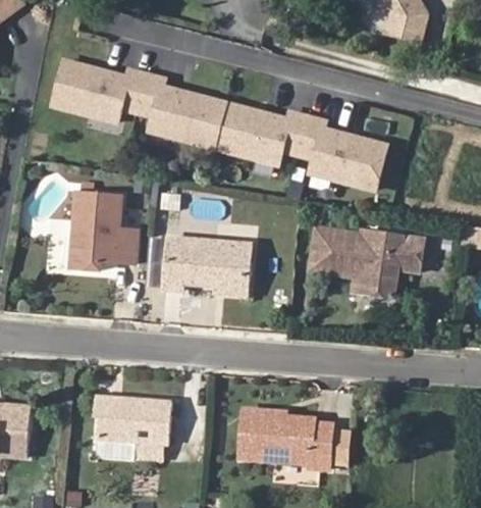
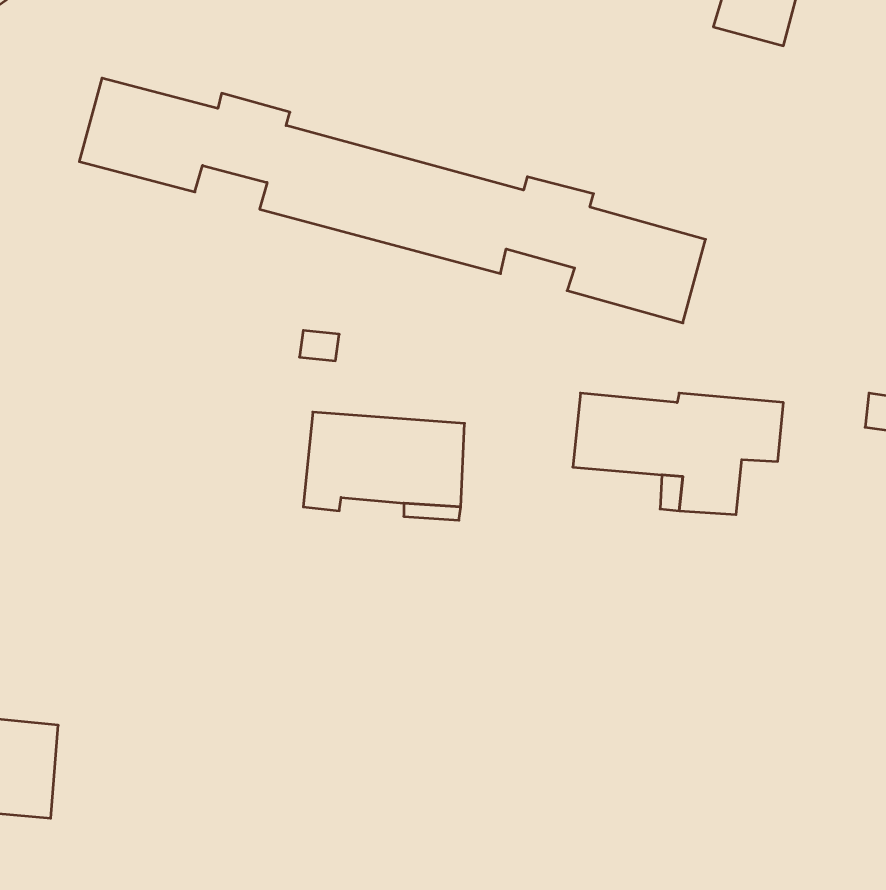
building: [68,191,138,271] -> none
building: [91,396,166,460] -> none
building: [242,408,334,470] -> none

